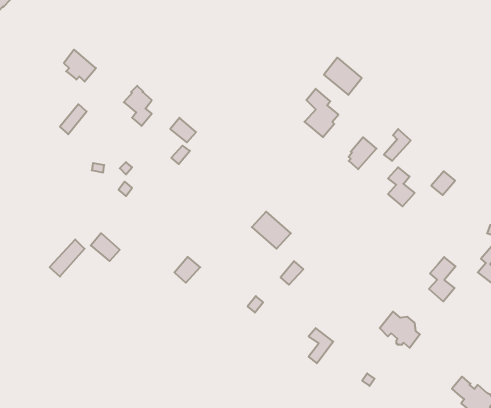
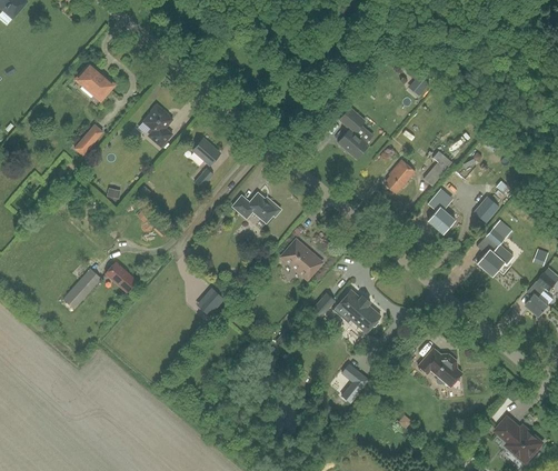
building: [324,58,362,95] -> none
building: none -> [232,192,280,222]
building: [429,257,456,301] -> [476,228,505,275]
building: none -> [333,290,380,330]

